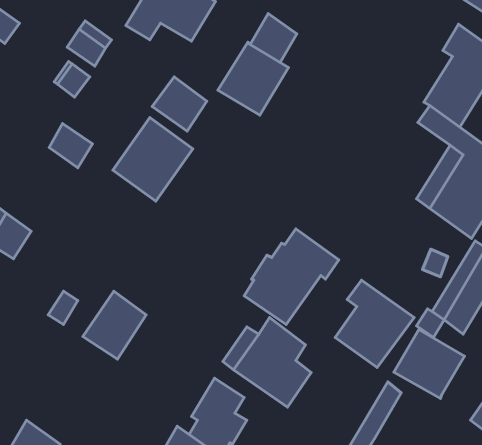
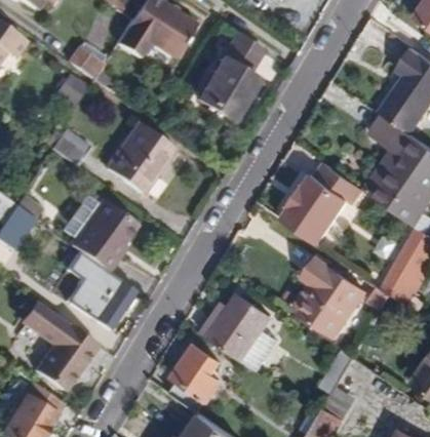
building: [152,77,207,131] -> none
building: none -> [63,196,132,271]
building: [244,229,339,325] -> [282,163,363,245]
building: none -> [23,304,97,390]
building: [394,329,465,398] -> none

